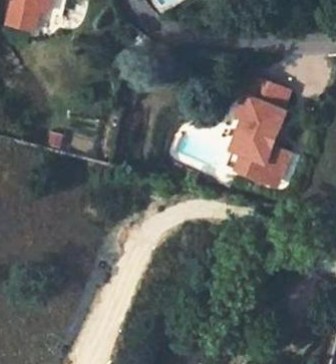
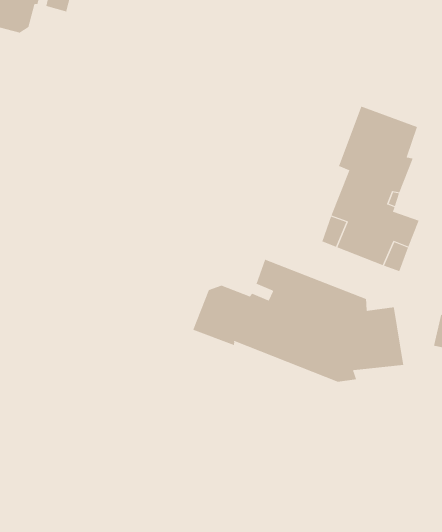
building: none -> [193,259,404,382]

